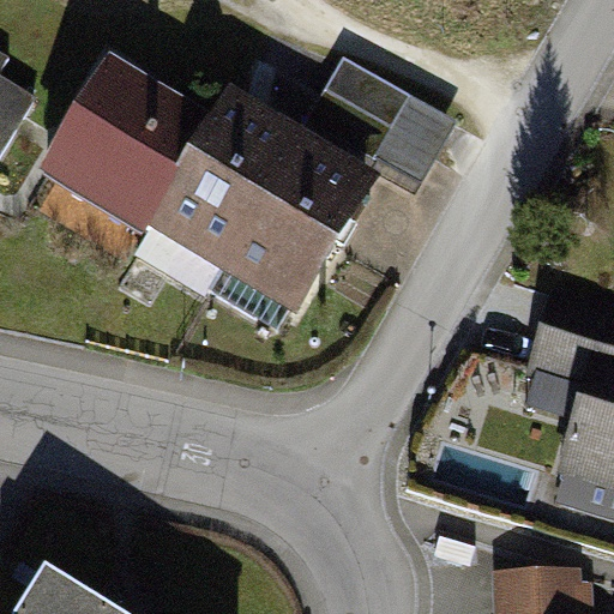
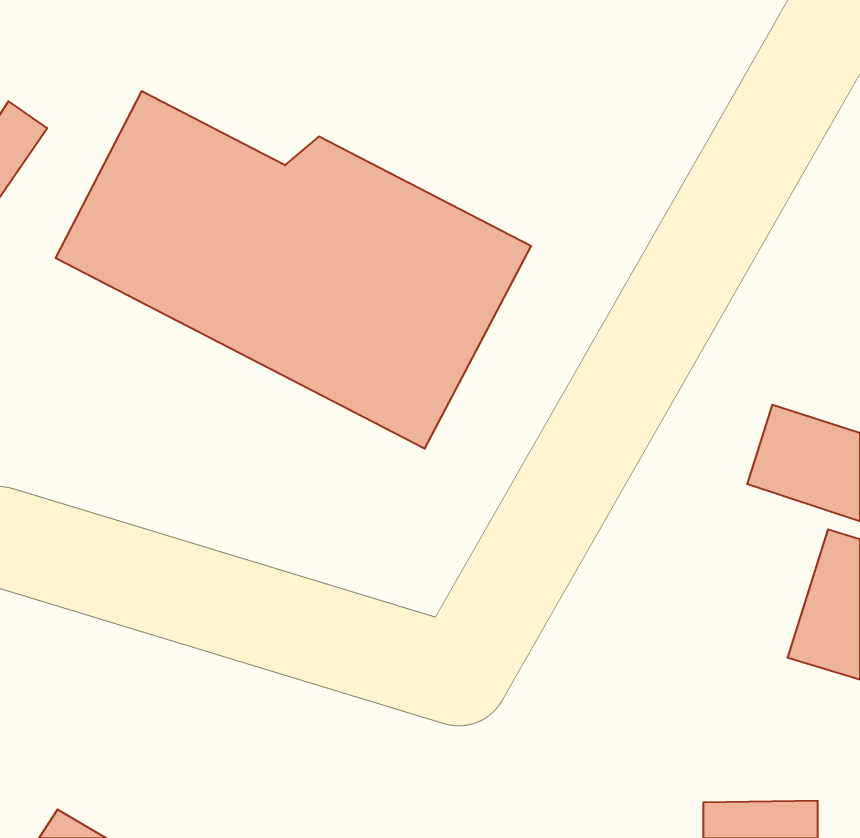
building: [307,61,449,181] -> none

